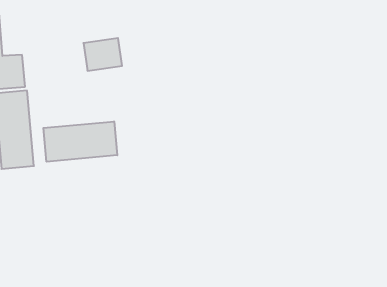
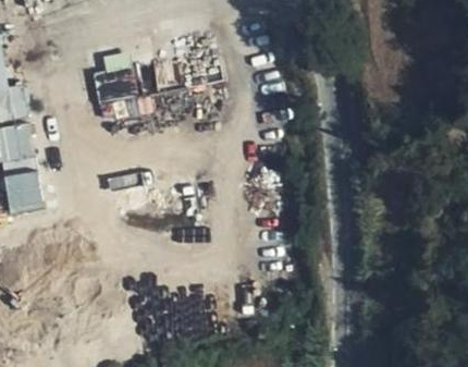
building: [43,121,117,162] -> none

